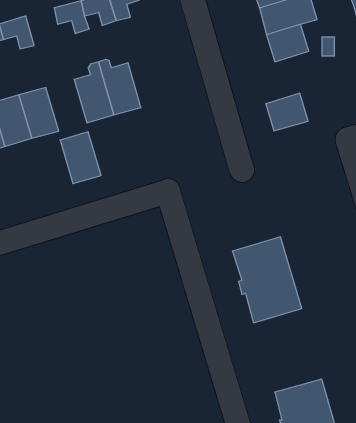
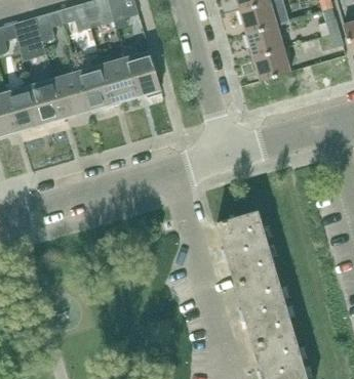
building: none -> [36,10,64,43]
building: none -> [125,51,160,97]
building: [266,93,308,131] -> [253,48,290,81]
building: [60,132,101,184] -> [53,73,89,118]
building: none -> [235,272,294,345]

